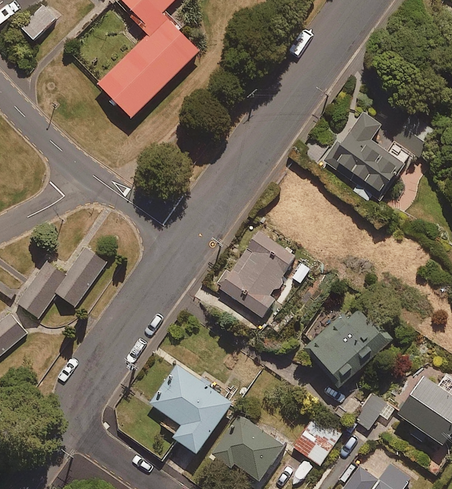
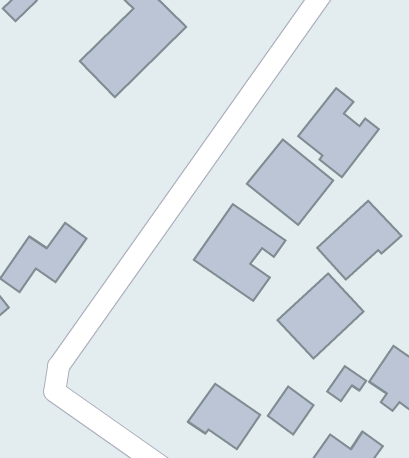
building: none -> [247,139,333,225]
building: none -> [317,201,401,279]
building: [149,363,229,449] -> none

